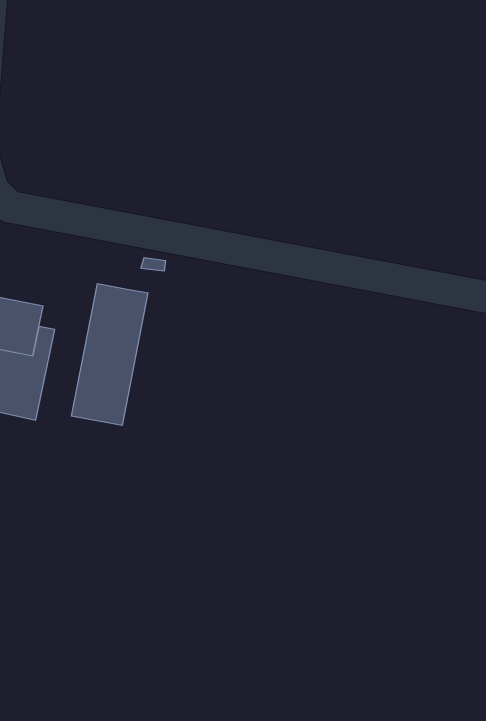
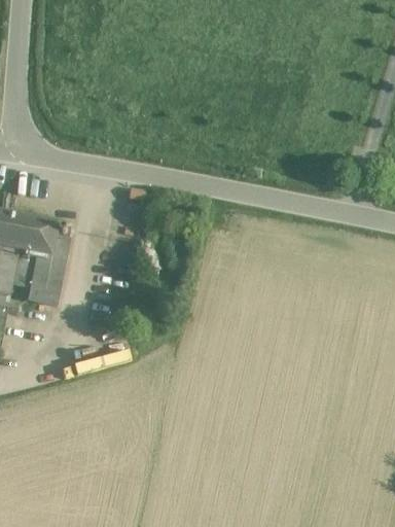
building: [71,284,148,425] -> none

